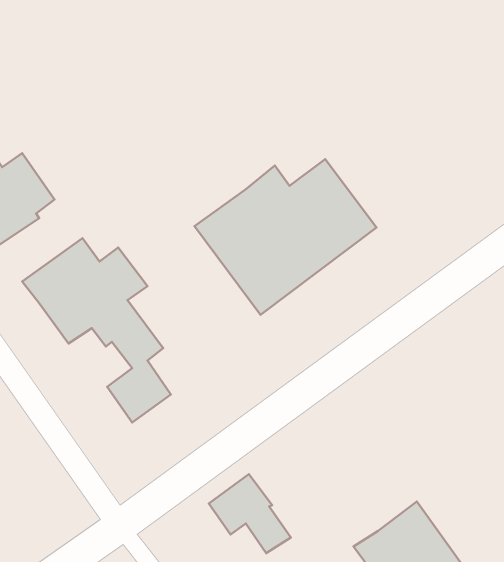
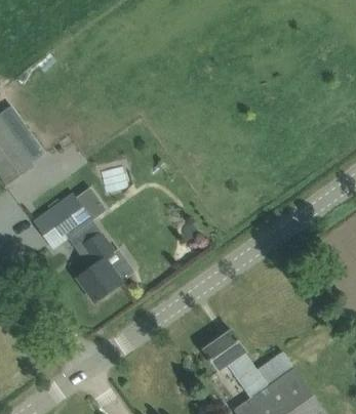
building: [195,159,377,315] -> none
building: [209,474,291,553] -> [204,331,259,383]

